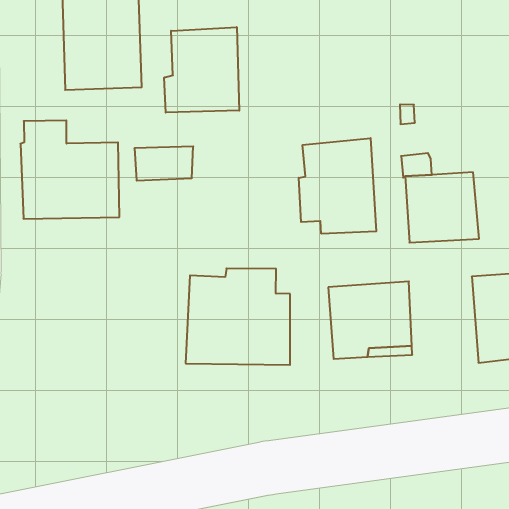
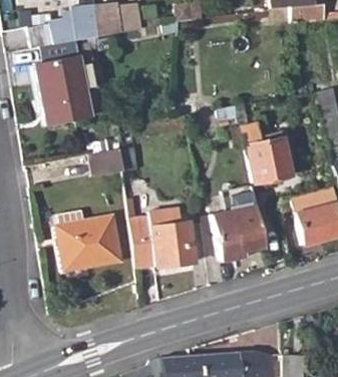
building: [164,27,239,113] -> none
building: [20,120,119,219] -> [60,207,122,266]
building: [299,138,376,234] -> none

